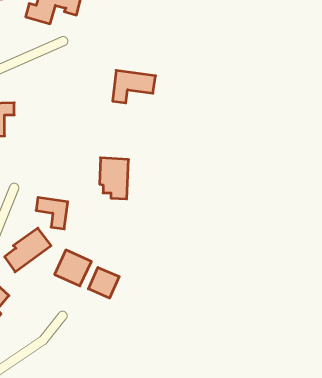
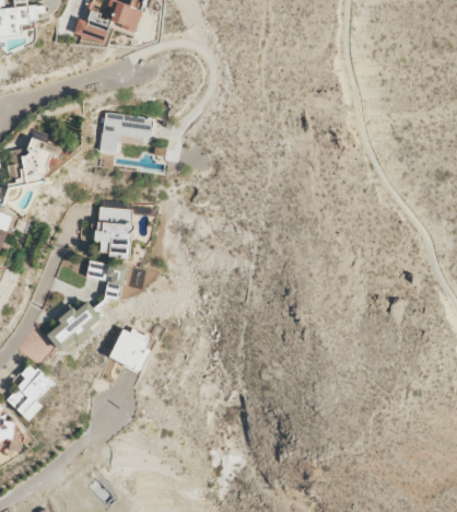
building: [113,70,156,103] -> [98,112,152,152]
building: [100,158,129,199] -> [95,207,131,258]
building: [88,267,119,298] -> none

